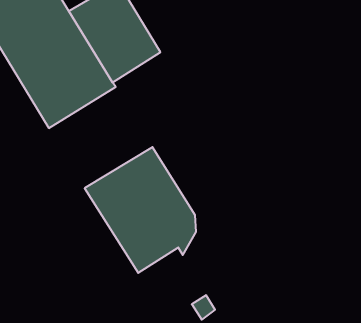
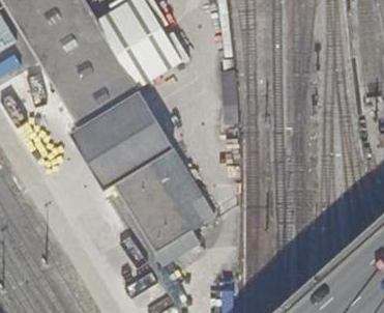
building: none -> [78,90,174,184]

